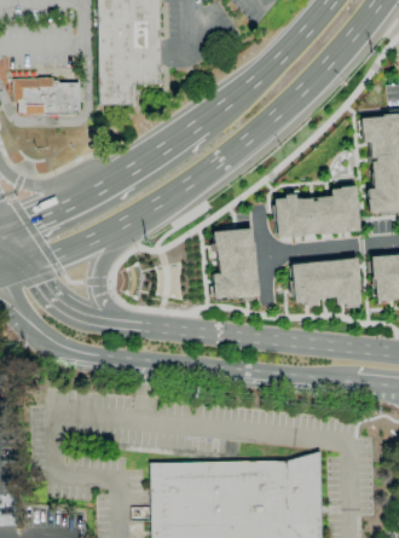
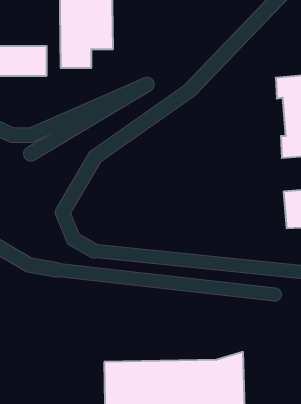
building: [274,186,359,237] -> none
building: [212,228,259,300] -> none
building: [291,259,360,306] -> none

